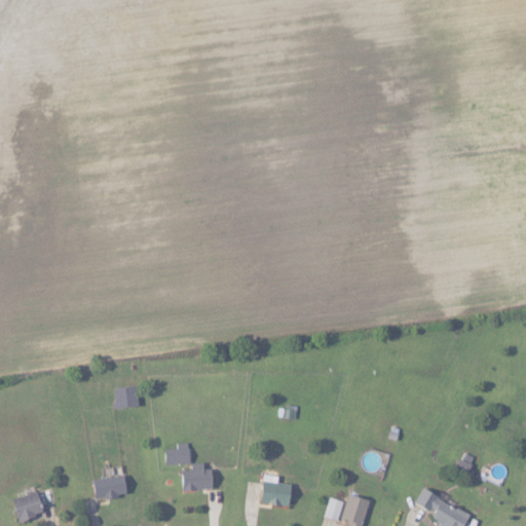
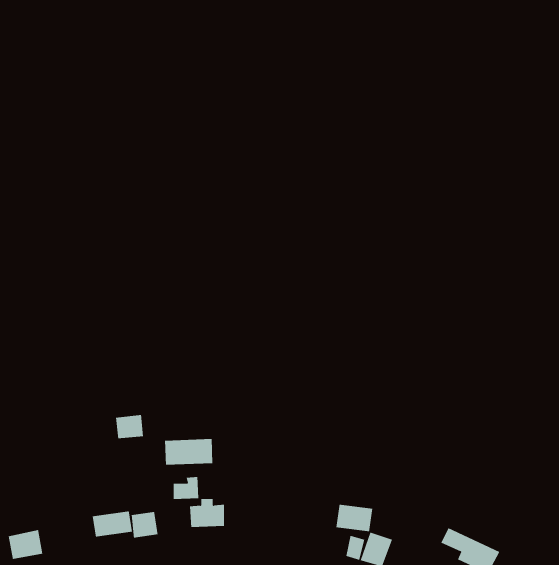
building: none -> [165,438,213,466]
building: none -> [131,511,158,539]
building: [259,481,294,506] -> [335,504,373,532]

